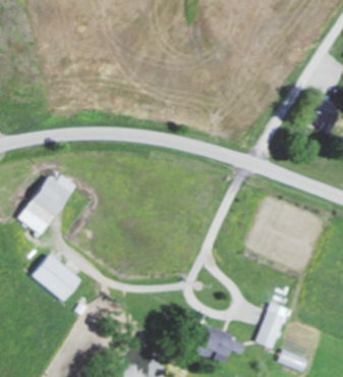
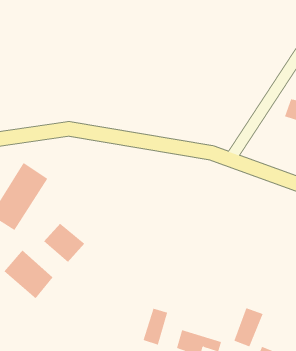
building: none -> [43,223,85,263]
building: none -> [143,308,168,346]

